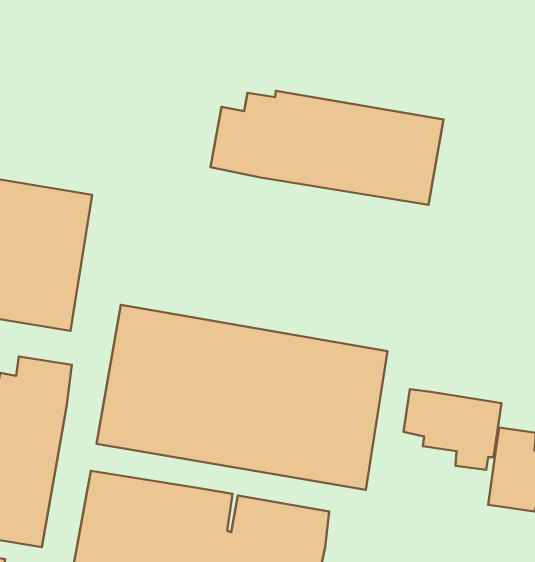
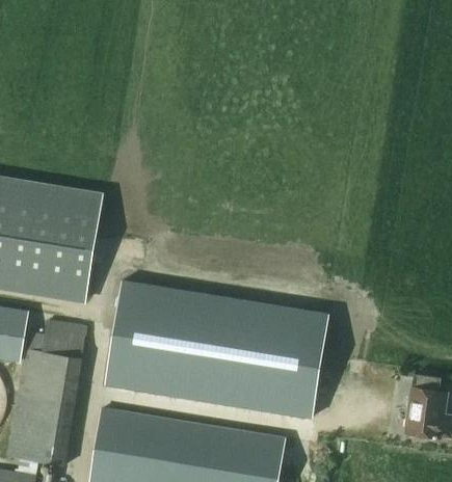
building: [211,91,443,205] -> none
building: [404,389,501,470] -> none

